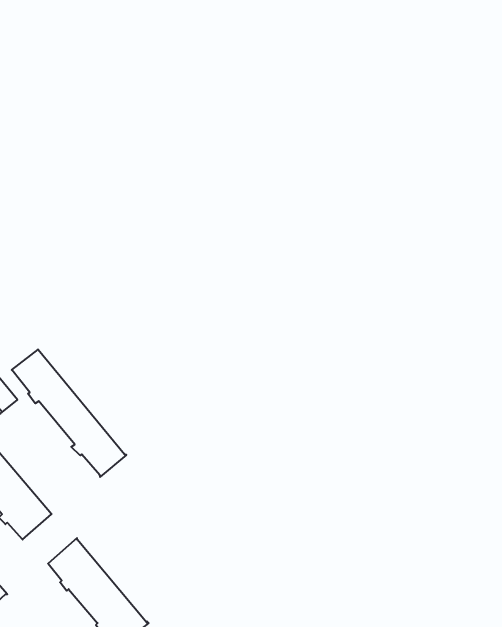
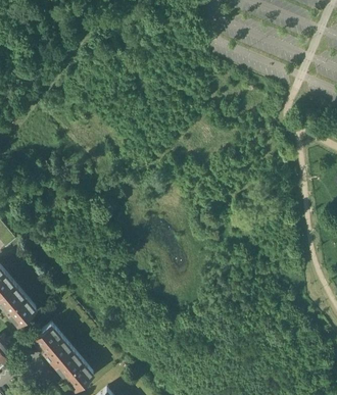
building: [12,349,126,477] -> none

